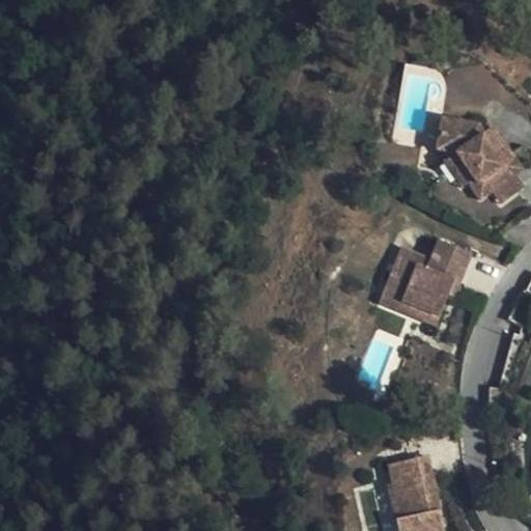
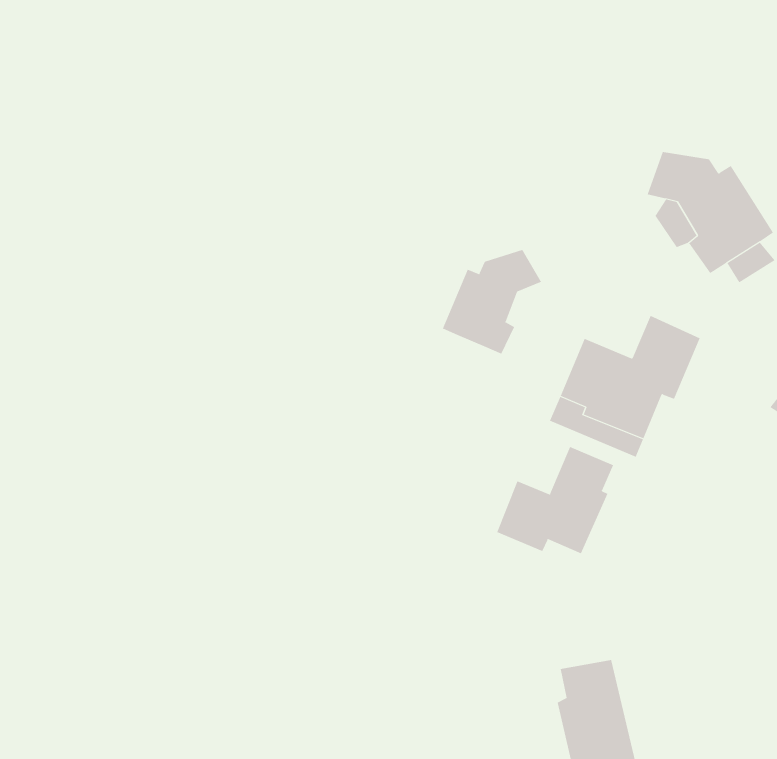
building: none -> [442,249,542,354]
building: none -> [496,446,614,554]

